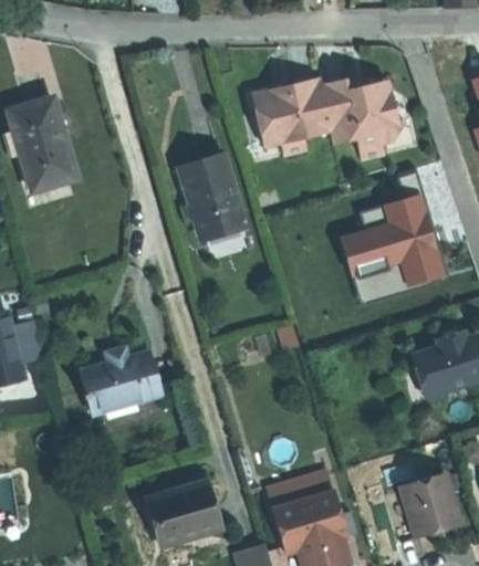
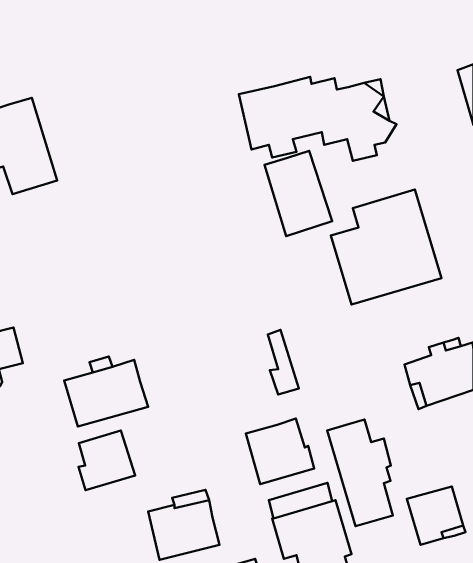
building: [176,159,241,241] -> [264,151,332,236]
building: none -> [246,419,314,484]
building: none -> [327,420,393,526]
building: none -> [79,431,135,490]

